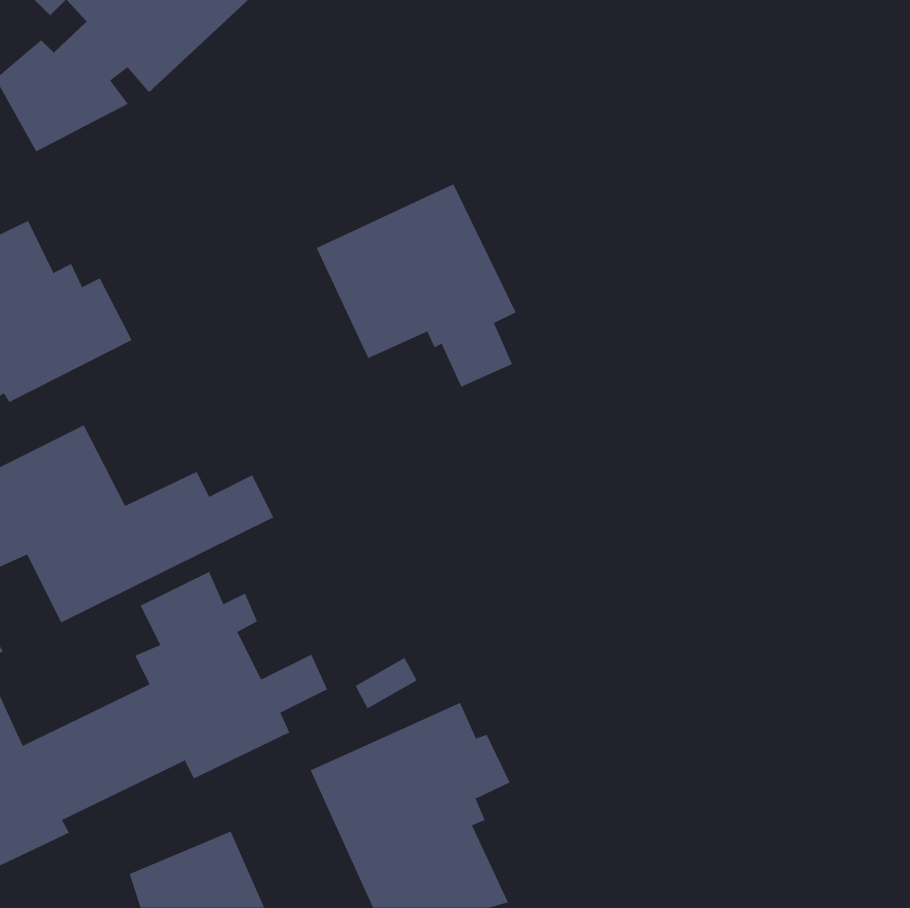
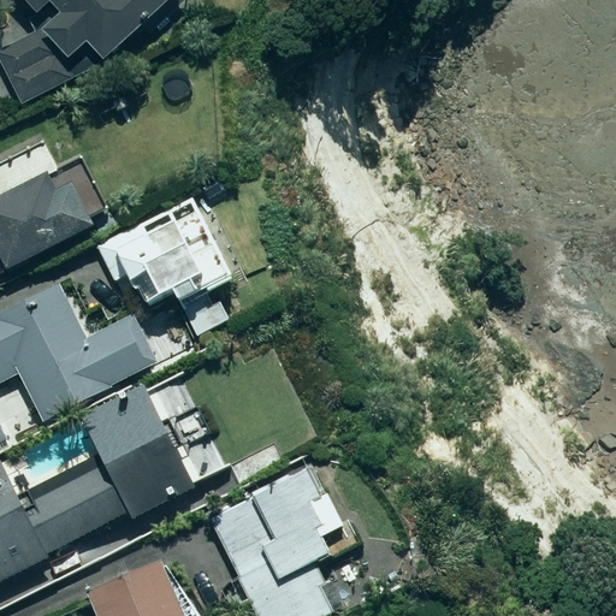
building: [316,183,516,388] -> [95,196,230,333]

